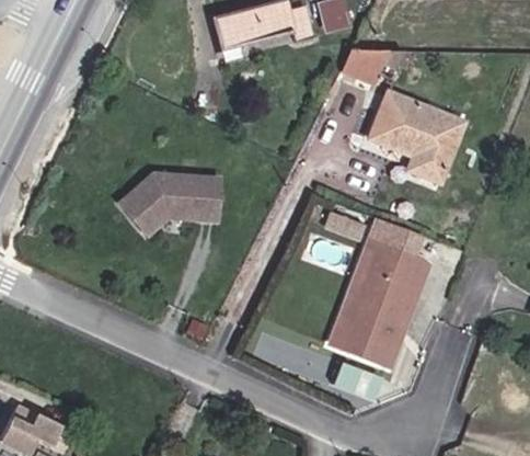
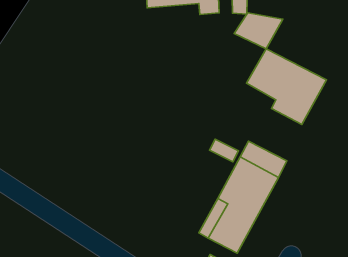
building: [131,171,226,229] -> none

